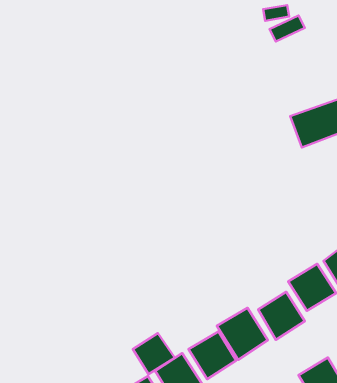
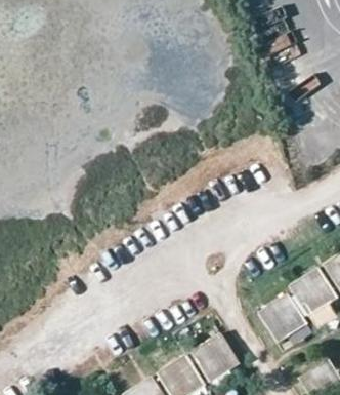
building: [217,308,268,360] -> none
building: [133,333,175,374] -> none

